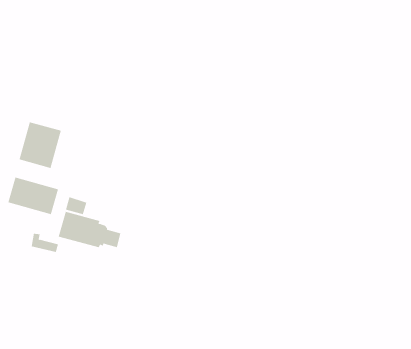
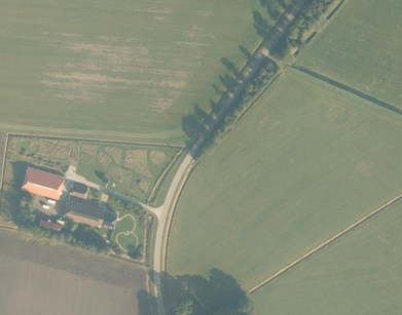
building: [19,122,62,169] -> none

